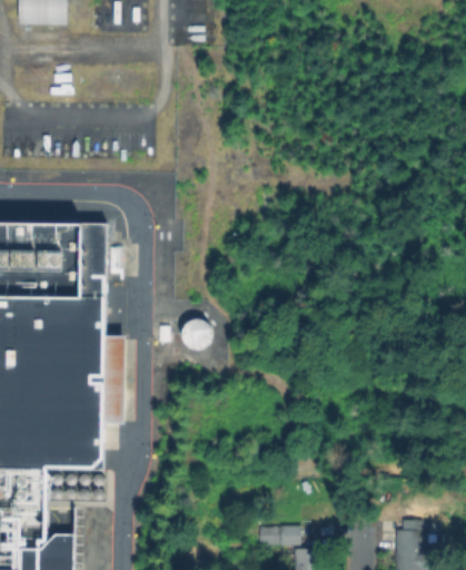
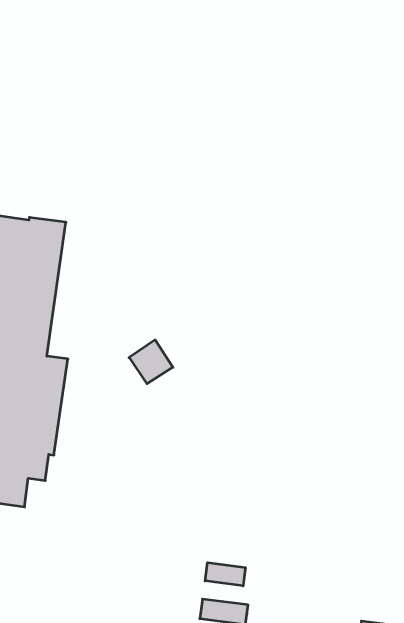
building: none -> [205,563,245,586]

